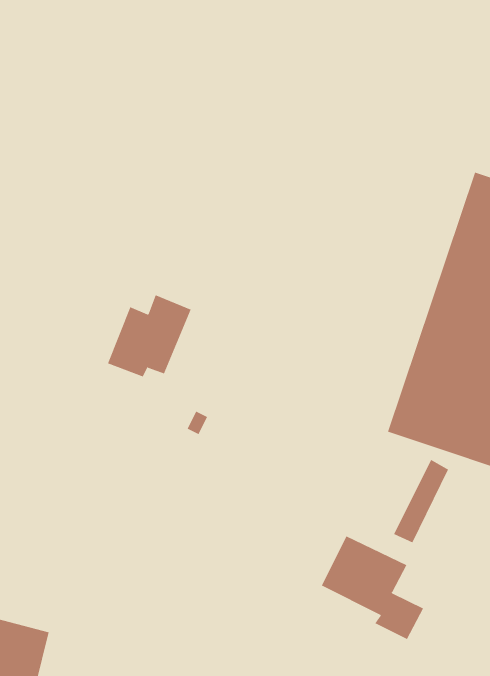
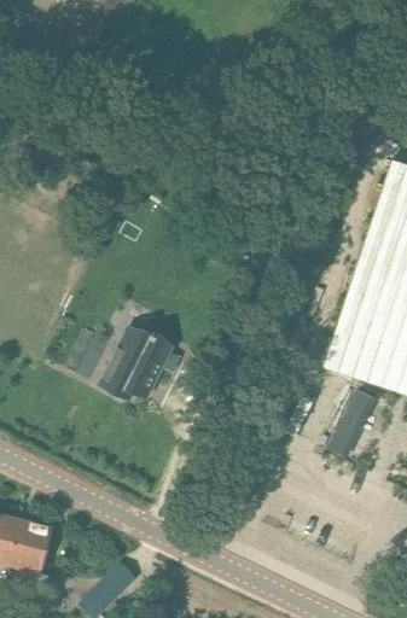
building: [107,294,191,377] -> [93,336,161,402]
building: [321,536,424,640] -> none

